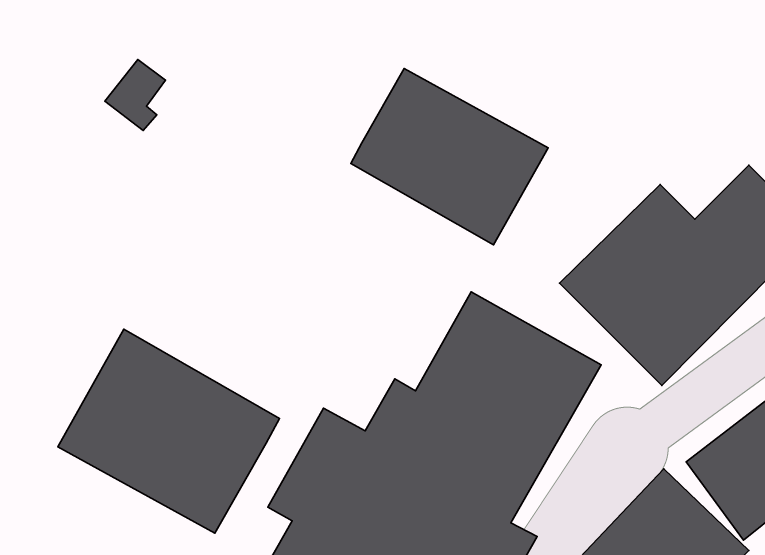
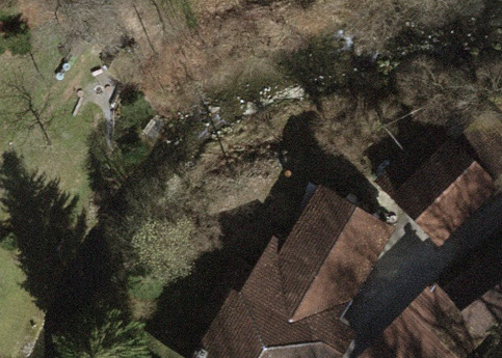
building: [351,68,548,245] -> none
building: [58,329,280,533] -> none

